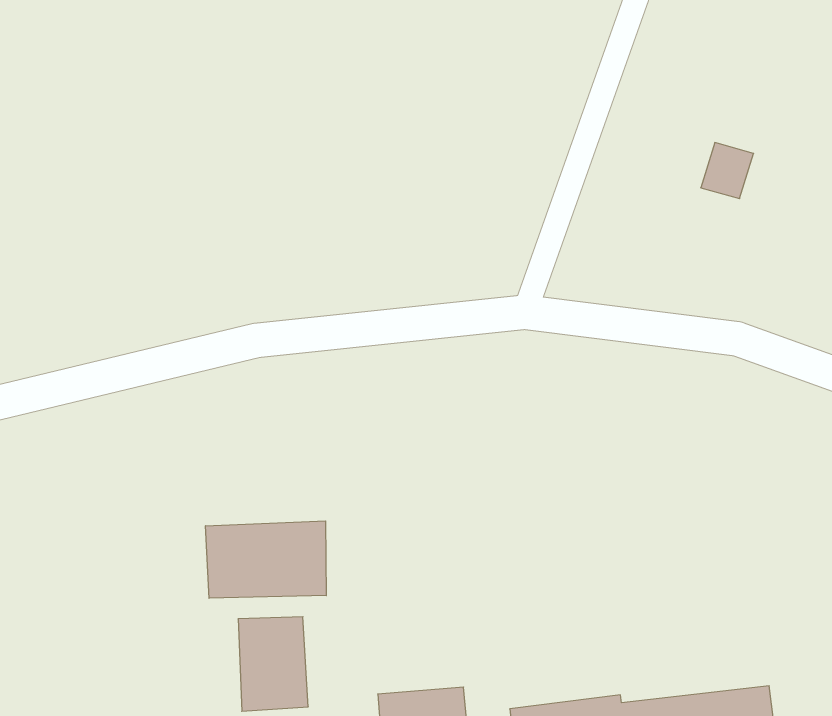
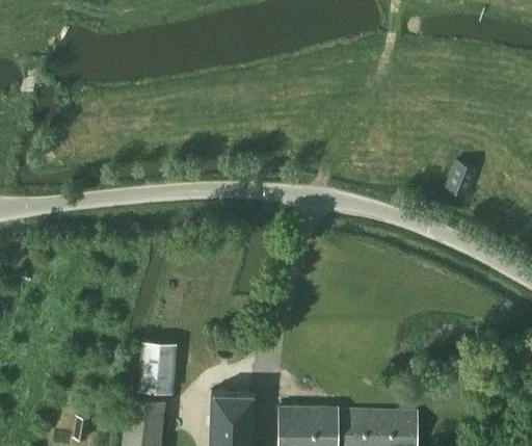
building: [701,143,754,199] -> [446,163,476,194]
building: [206,521,326,598] -> none

